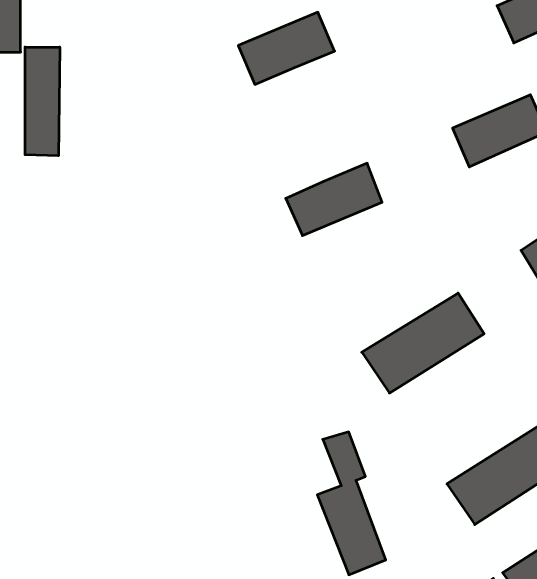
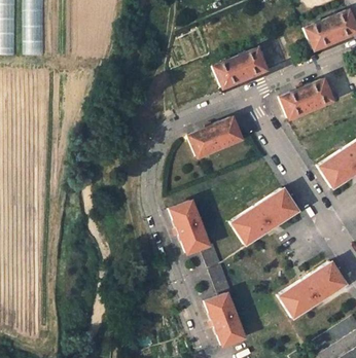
building: [238,12,335,84] -> [213,48,266,88]
building: [25,47,60,156] -> none
building: none -> [171,201,221,267]

